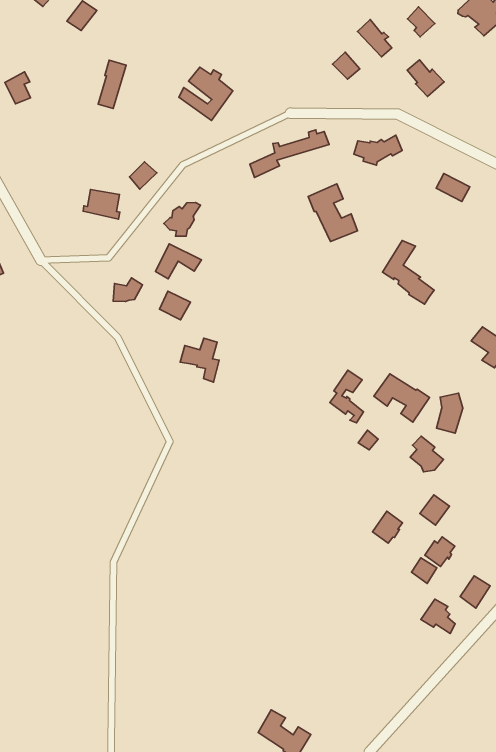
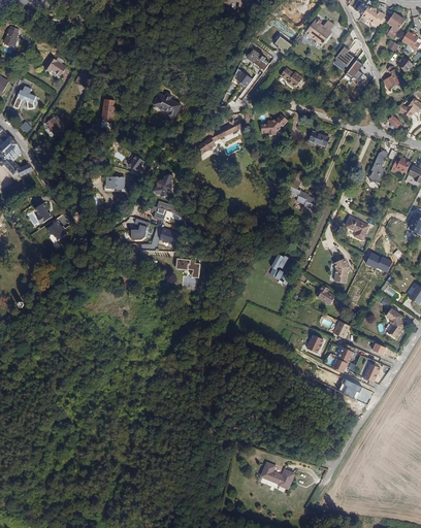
building: [308,184,358,242] -> none
building: [374,374,429,422] -> none

